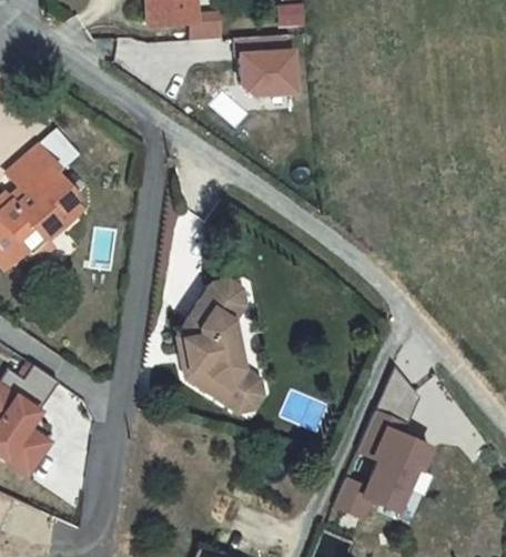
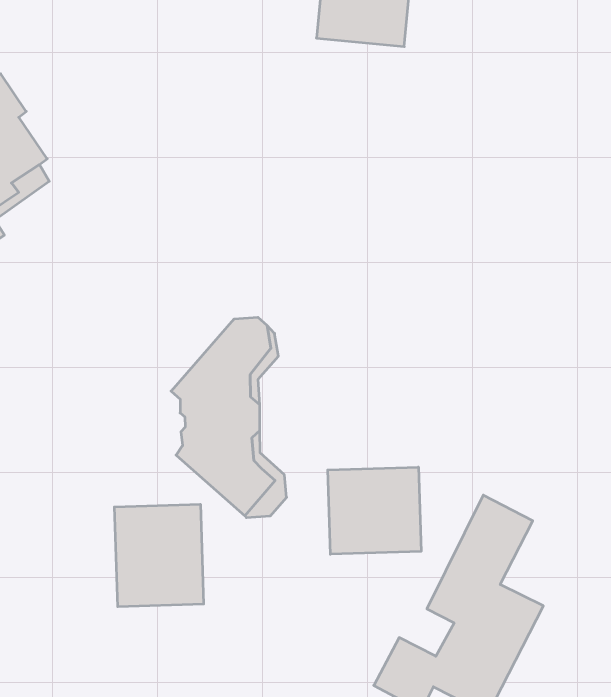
building: none -> [328,467,421,554]
building: none -> [114,504,204,607]

